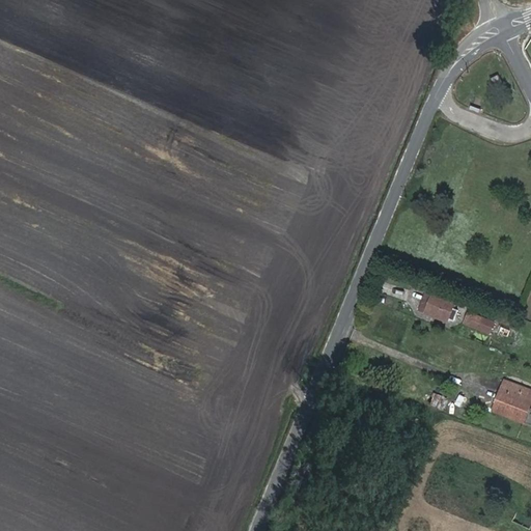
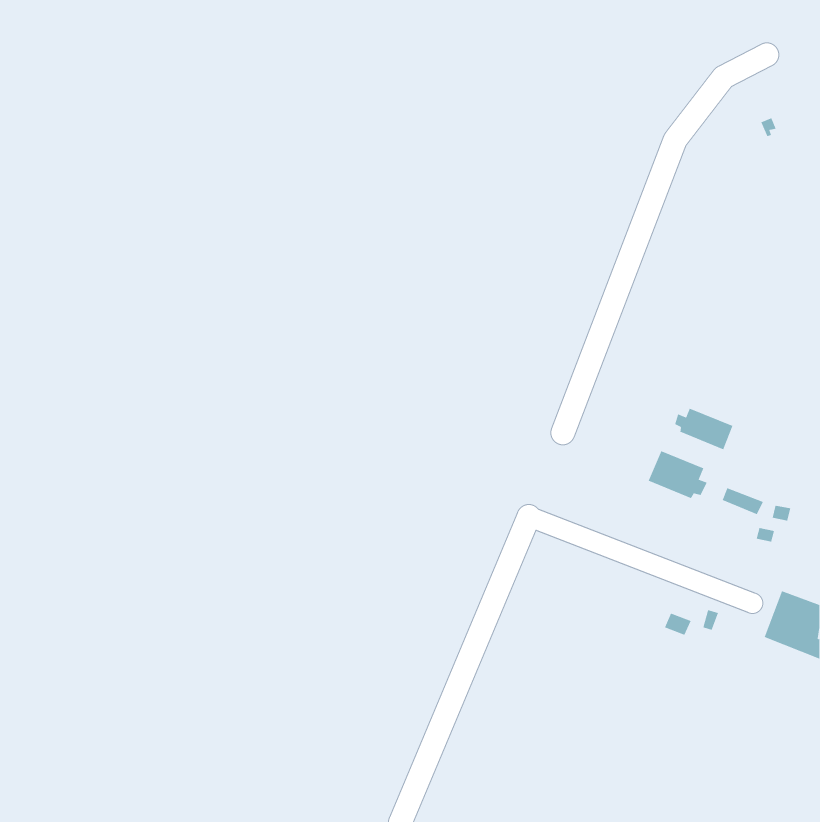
building: none -> [675,408,733,450]

